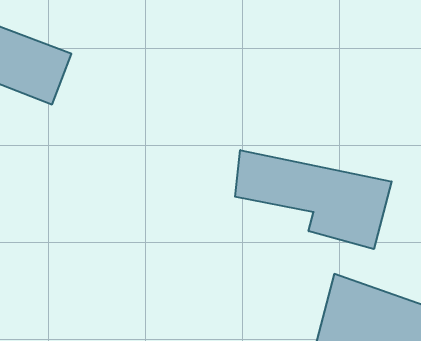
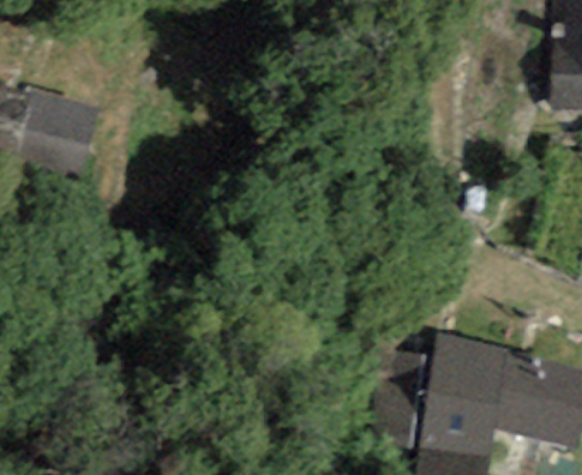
building: [235,150,392,249] -> none

